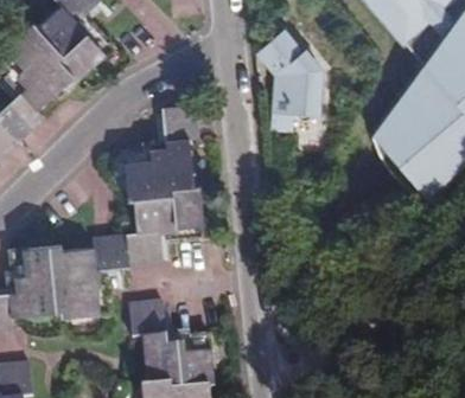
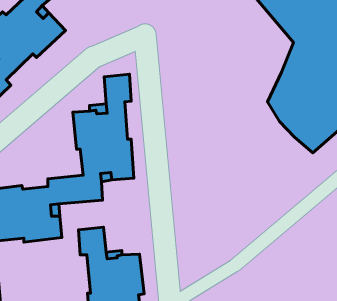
building: [255,20,332,156] -> none

